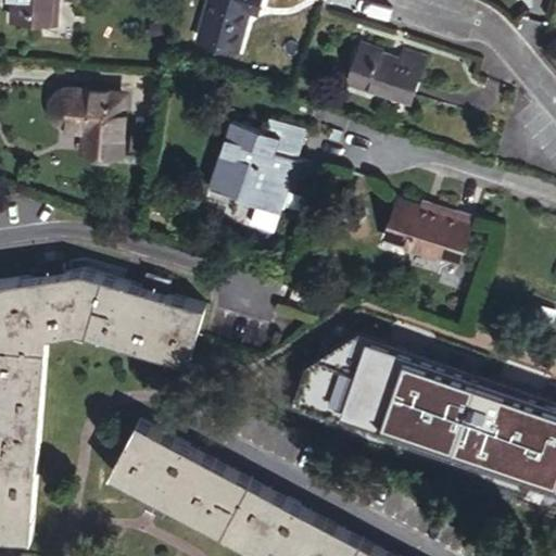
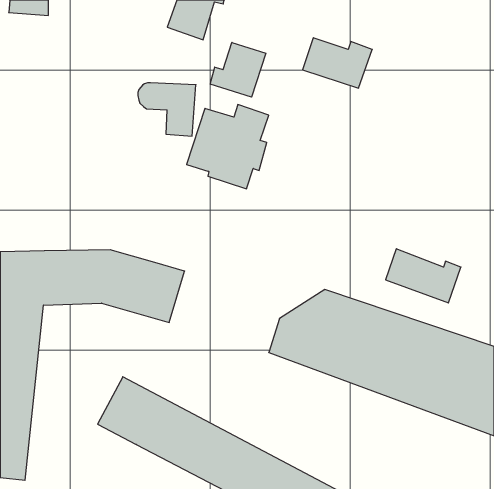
building: none -> [210,42,266,97]
building: [54,91,119,151] -> [138,83,196,136]
building: [391,211,476,271] -> [386,249,461,303]

